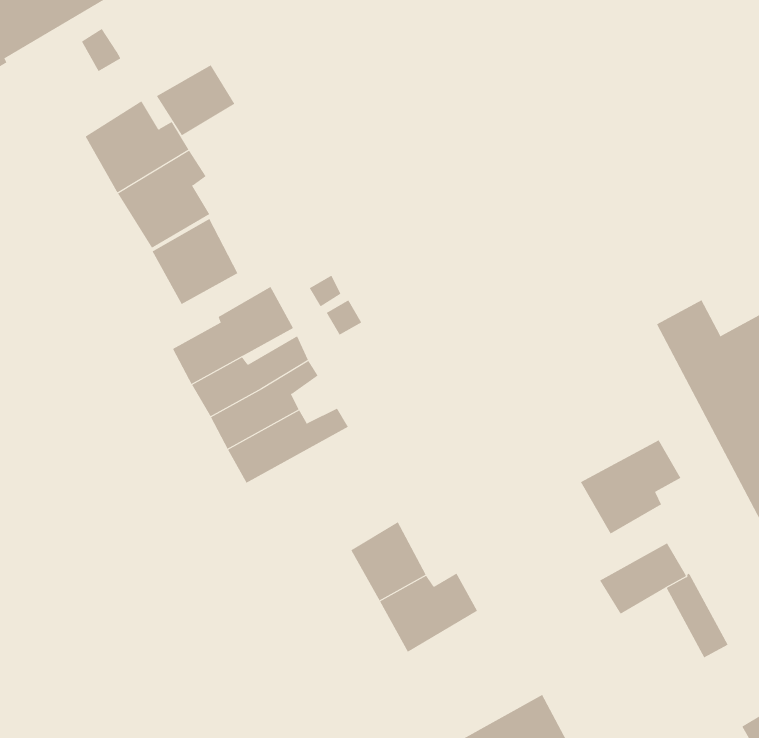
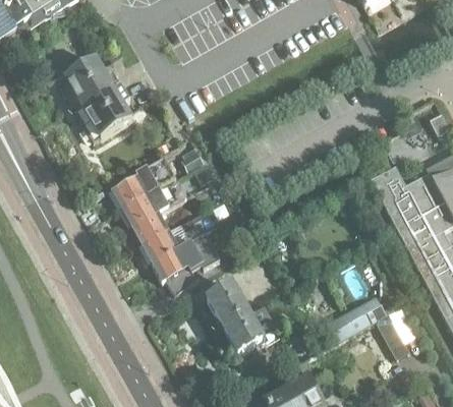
building: [156,64,235,136] -> none
building: [152,218,238,305] -> none
building: none -> [151,231,211,281]
building: [580,440,681,534] -> none

